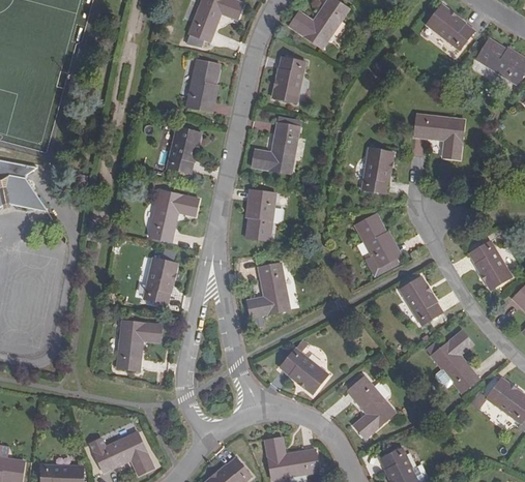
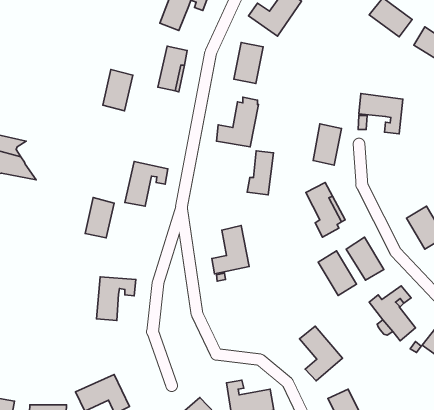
building: [167,127,201,174] -> [103,70,133,111]
building: [245,191,275,241] -> [247,151,274,195]
building: [144,258,177,303] -> [85,198,114,238]
building: none -> [318,251,357,295]
building: [280,349,327,394] -> none

